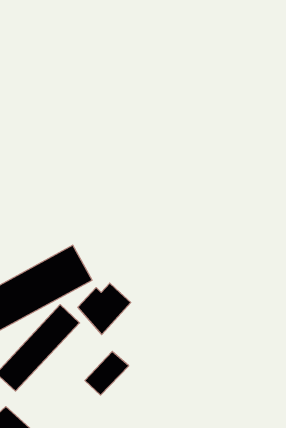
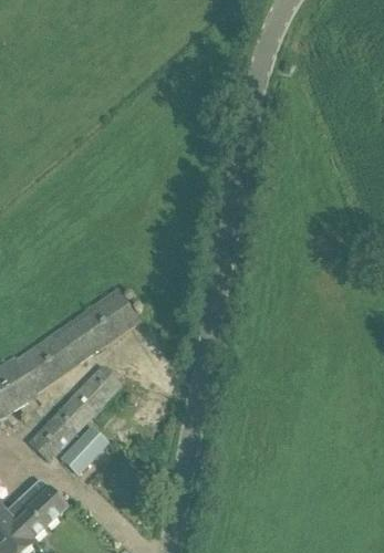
building: [78,283,131,335] -> none
building: [85,351,129,395] -> [62,424,112,473]

